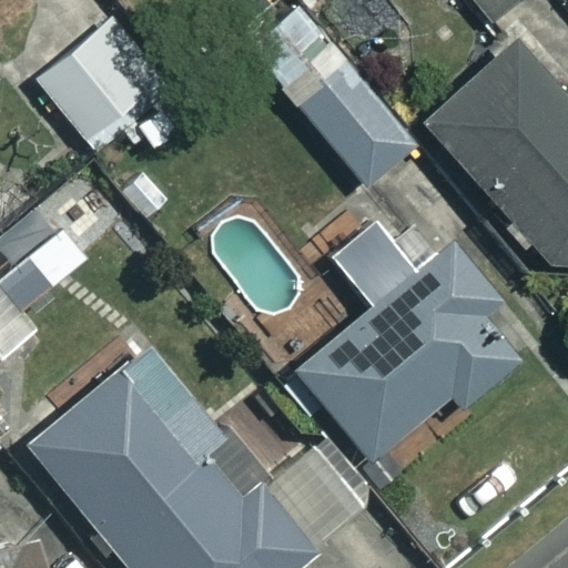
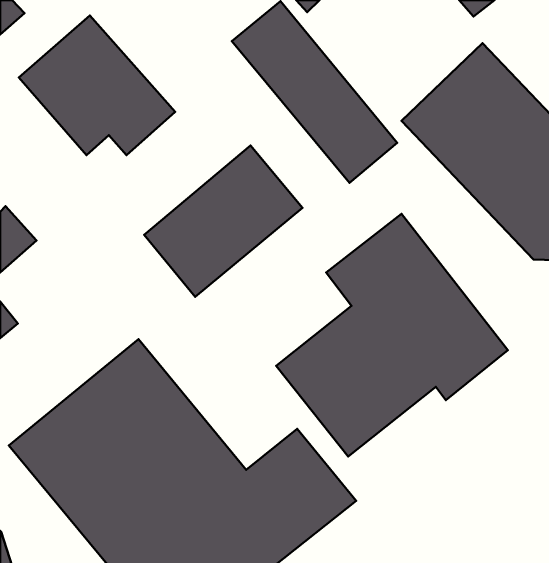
building: none -> [144,145,303,297]

